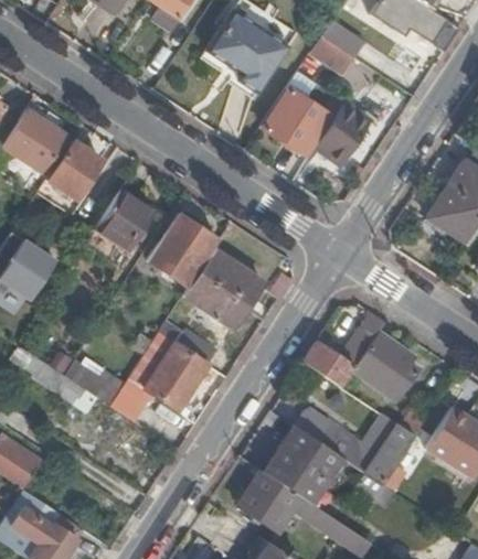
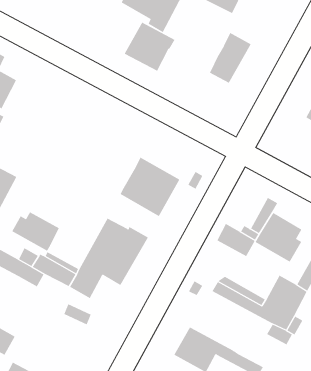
building: [266,89,333,154] -> [124,22,175,72]
building: [47,141,104,201] -> none
building: [96,189,155,248] -> none
building: [149,214,216,289] -> none
building: none -> [11,211,60,252]
building: [262,427,343,505] -> none

